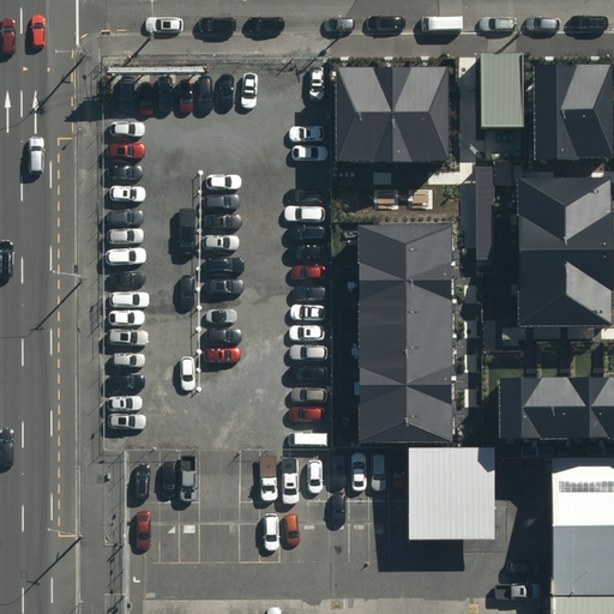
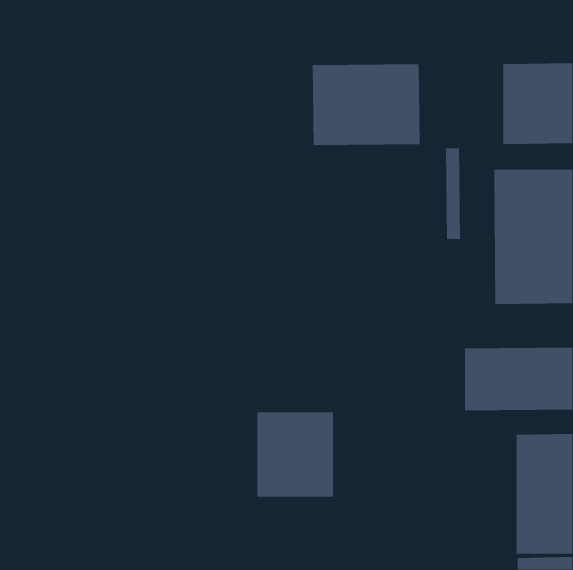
building: [481,54,522,127] -> none
building: [366,229,451,444] -> none
building: [410,450,493,541] -> [257,412,334,497]

